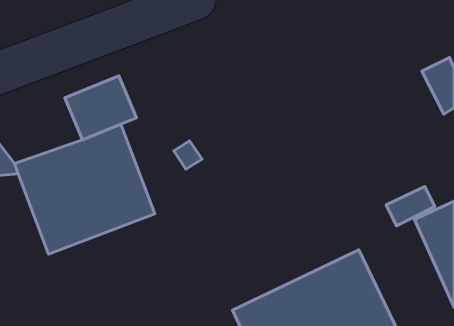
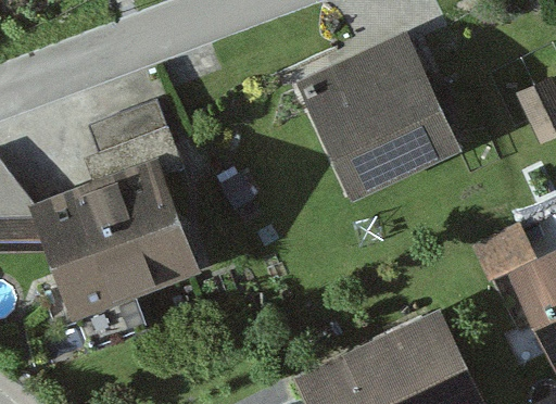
building: none -> [300,35,464,199]

